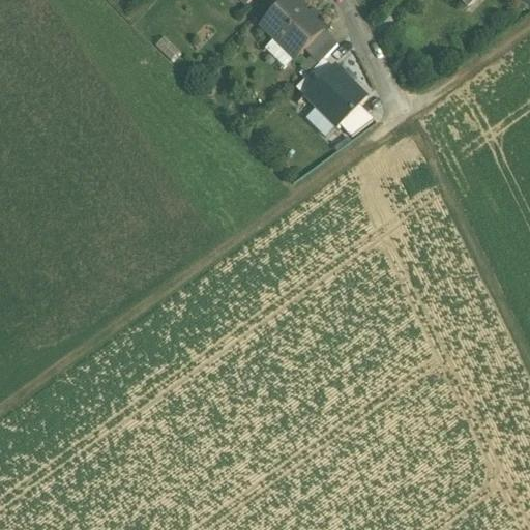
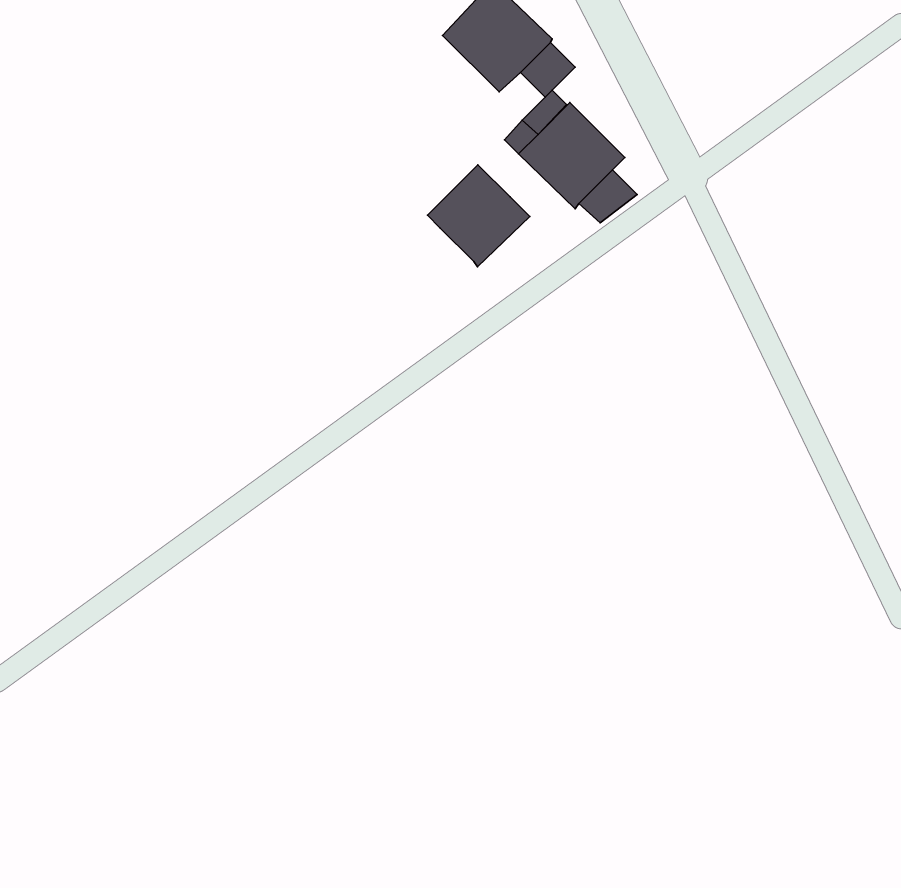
building: none -> [427,165,530,267]

